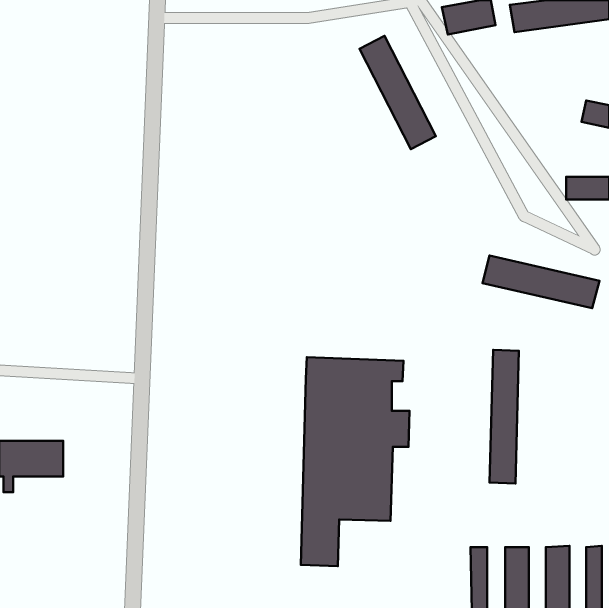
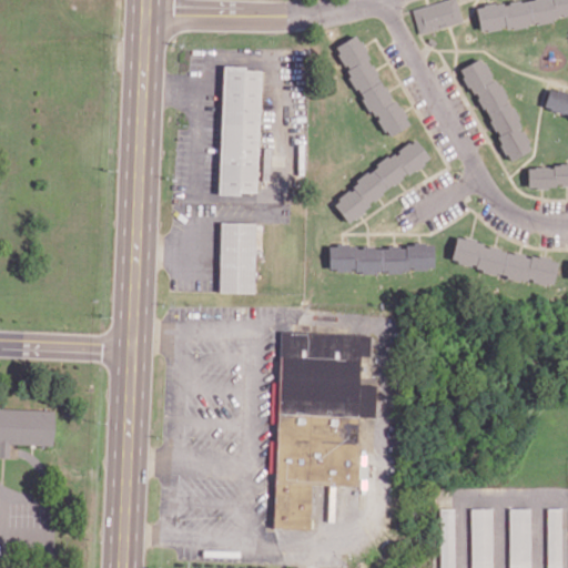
building: none -> [463,58,527,164]
building: none -> [222,67,265,194]
building: none -> [329,139,428,223]
building: none -> [223,223,264,292]
building: none -> [327,246,432,274]
building: [490,350,519,484] -> none

